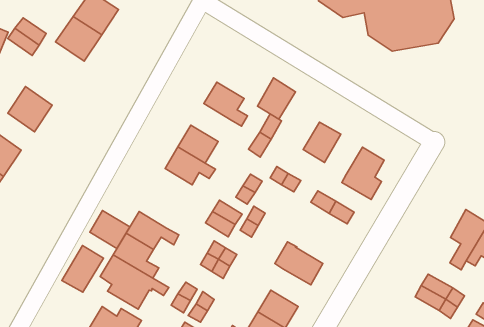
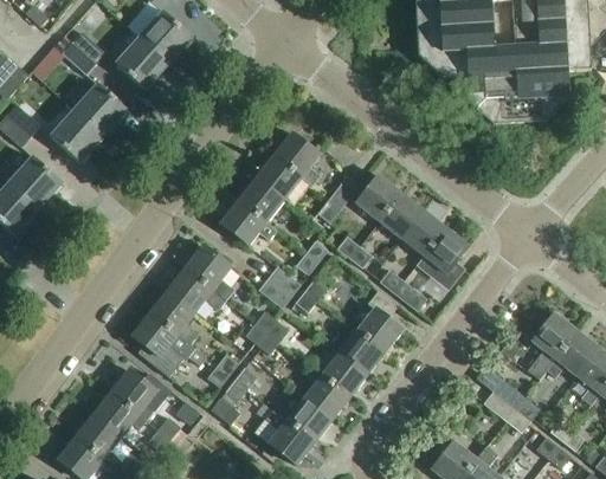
building: none -> [75,83,125,134]
building: [257,78,295,119] -> [356,173,401,220]
building: none -> [256,154,302,199]
building: none -> [401,208,446,254]
building: [90,210,130,249] -> [185,244,231,289]
building: none -> [356,290,404,351]
building: [62,246,103,292] -> none
building: none -> [322,351,368,396]

